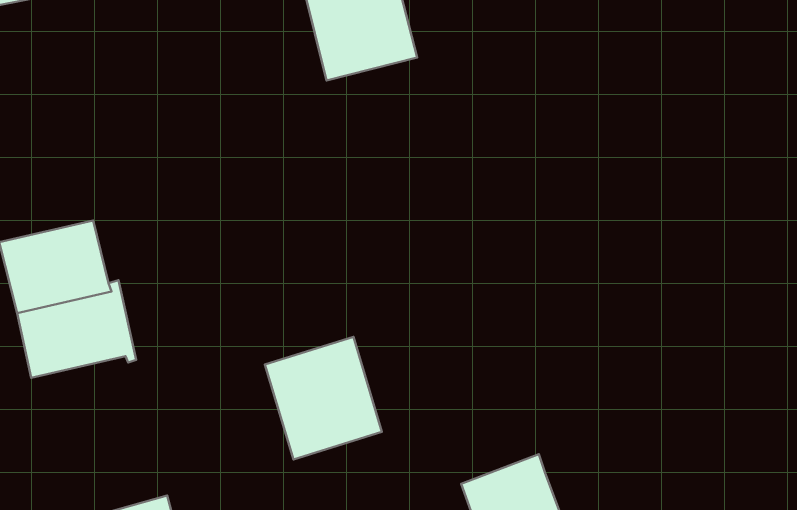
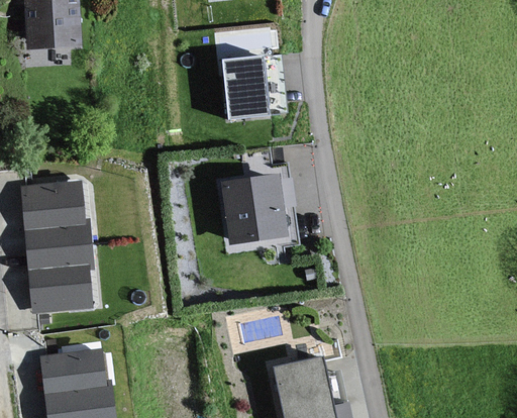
building: [265,337,382,459] -> [222,174,286,241]
building: none -> [29,264,91,311]

